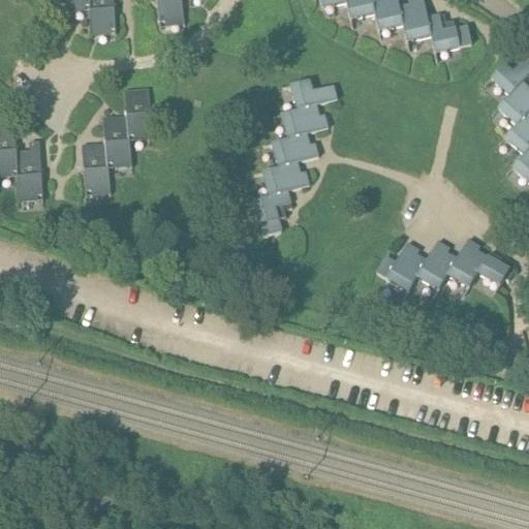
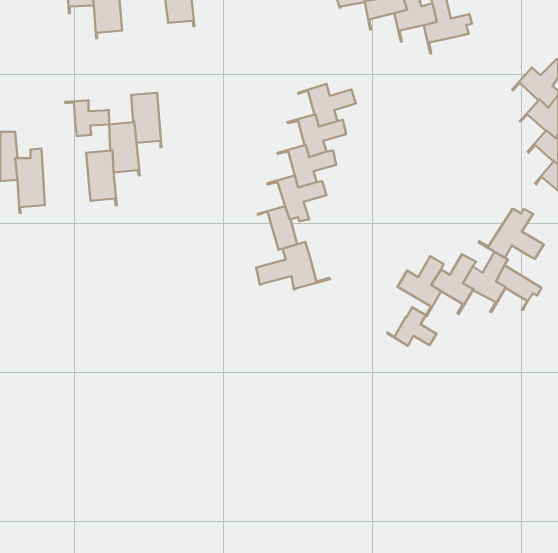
building: [430,26,471,62] -> none
building: none -> [65,100,109,136]
building: none -> [479,209,544,259]
building: none -> [256,242,330,289]
building: none -> [387,307,436,346]

